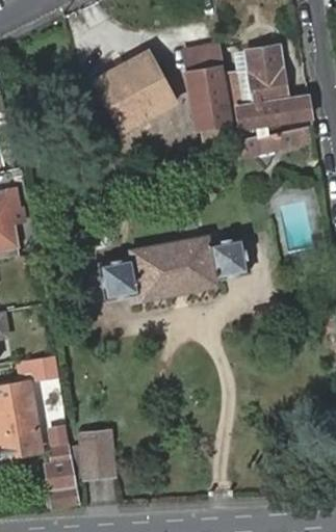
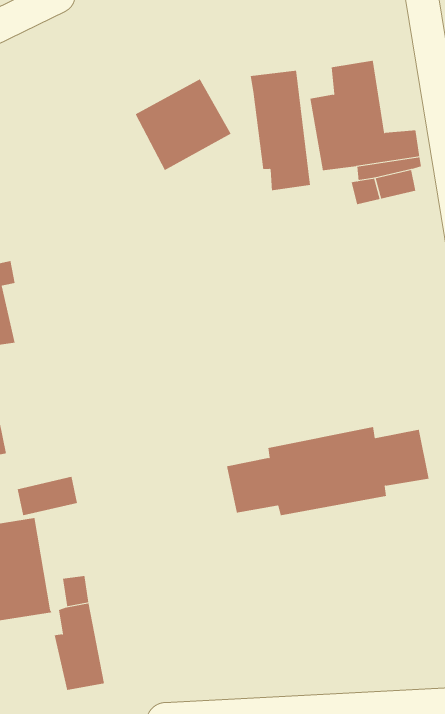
building: [97,235,245,300] -> [226,426,429,516]
building: [81,432,113,477] -> none

